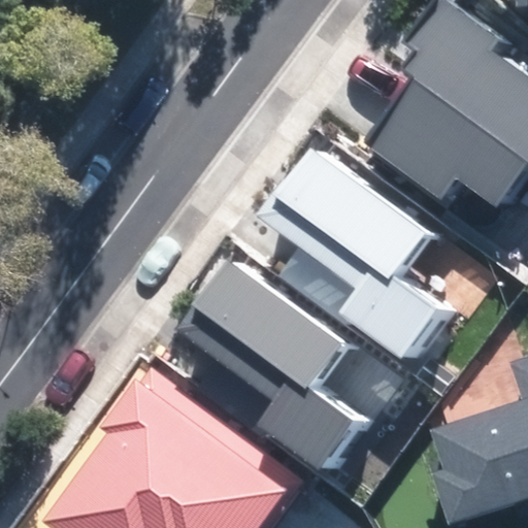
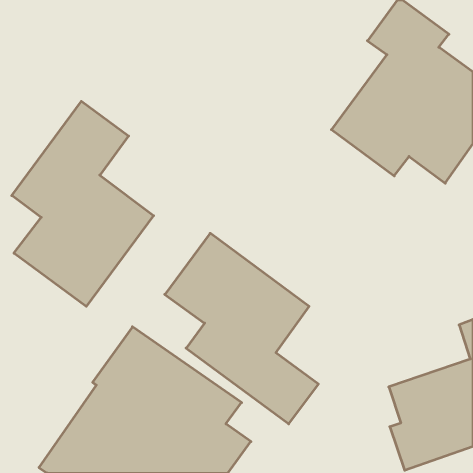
building: none -> [12,101,154,306]
building: [262,151,433,362] -> none

